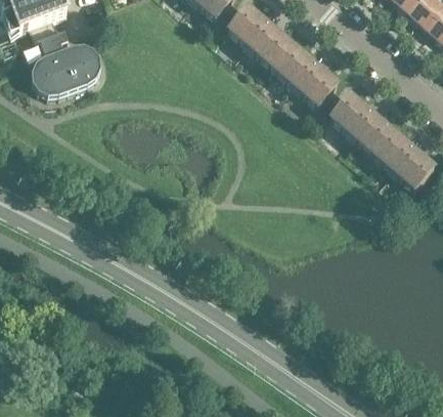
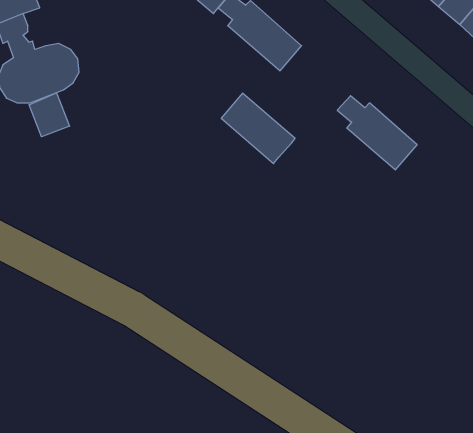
building: [273,46,337,107] -> [221,93,295,164]
building: none -> [29,93,70,137]
building: [372,131,433,189] -> none

